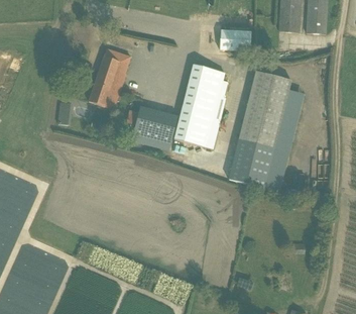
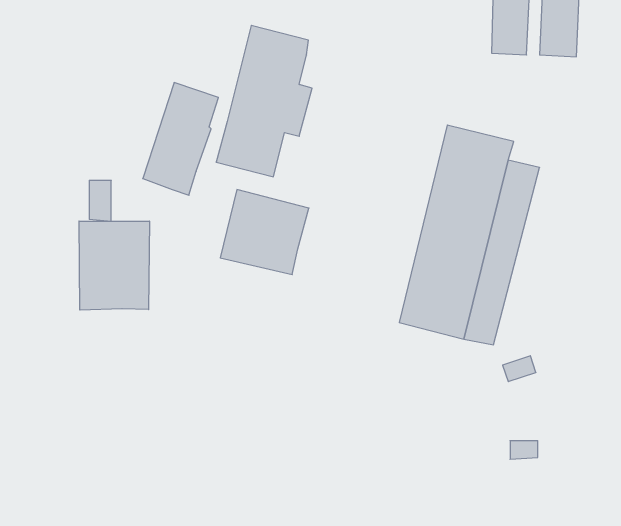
building: [219,29,251,51] -> none
building: [173,65,226,147] -> [216,25,312,177]
building: none -> [79,221,149,310]

